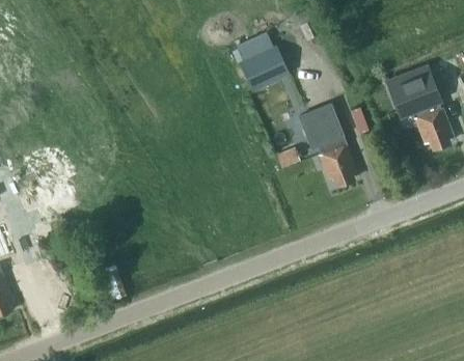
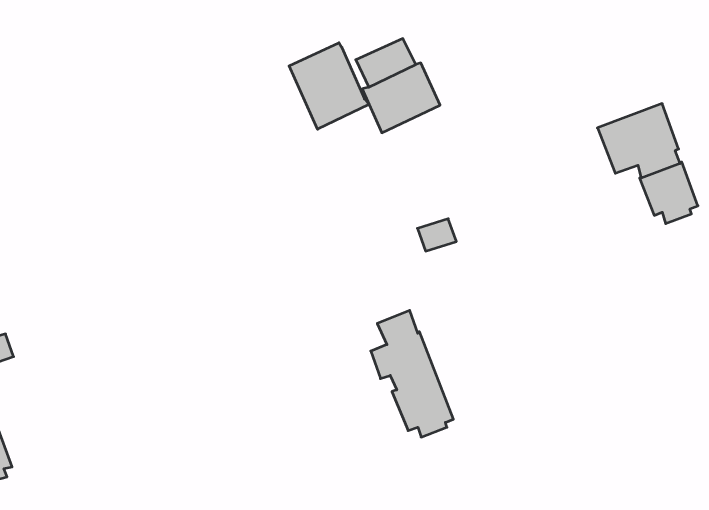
building: none -> [289,43,369,129]
building: [305,104,358,185] -> [371,310,453,437]

